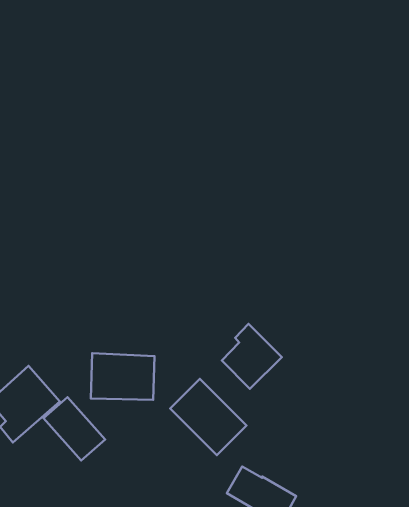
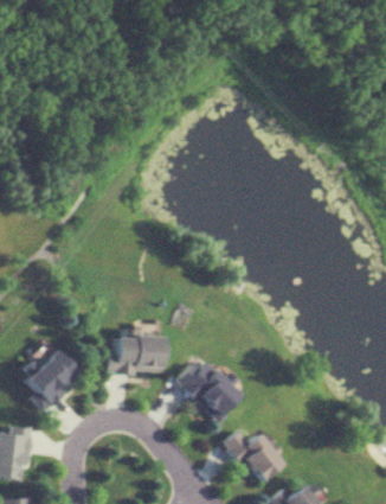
building: [222,324,282,389] -> none
building: [44,397,105,461] -> none

